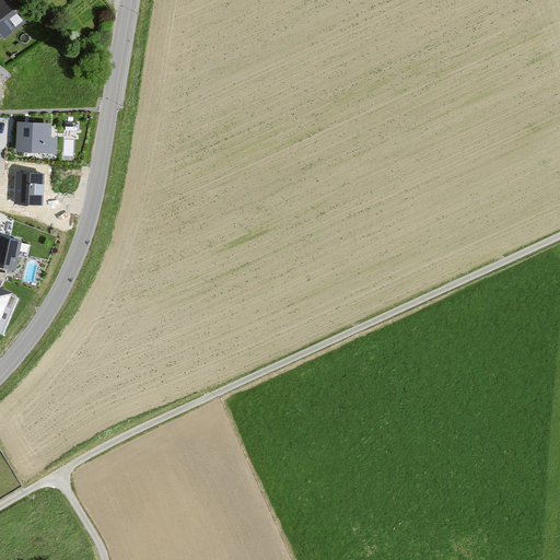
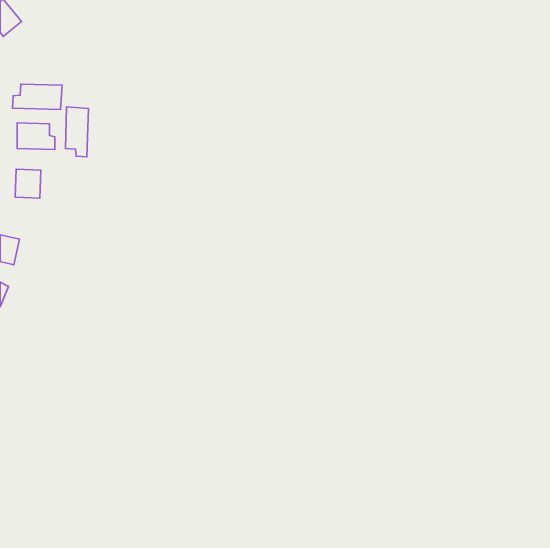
building: none -> [12,84,62,109]
building: none -> [65,107,88,157]

